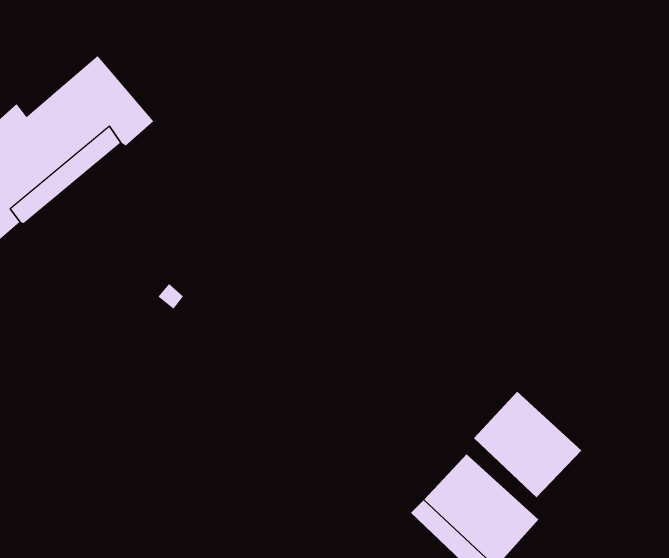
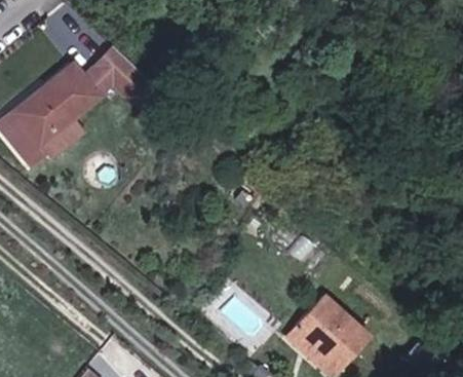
building: [473,391,582,498] -> none

